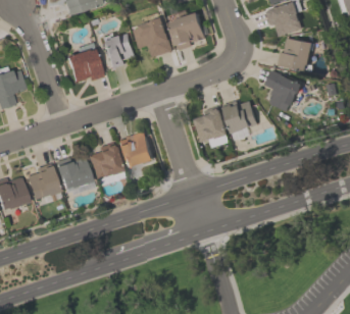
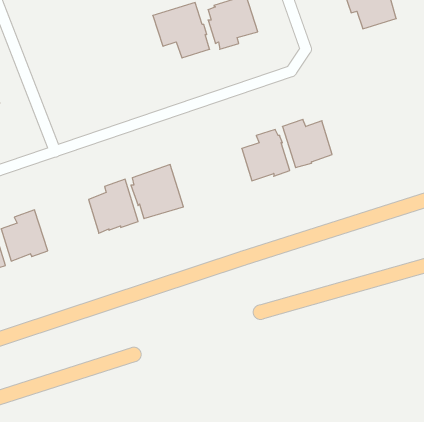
building: [101,35,135,70] -> none
building: [278,39,312,71] -> none
building: [65,49,102,82] -> none
building: [264,71,301,111] -> none
building: [54,156,91,189] -> none

